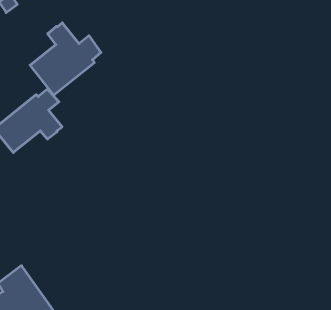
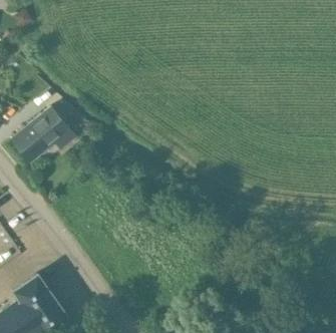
building: [30,23,101,95] -> none

